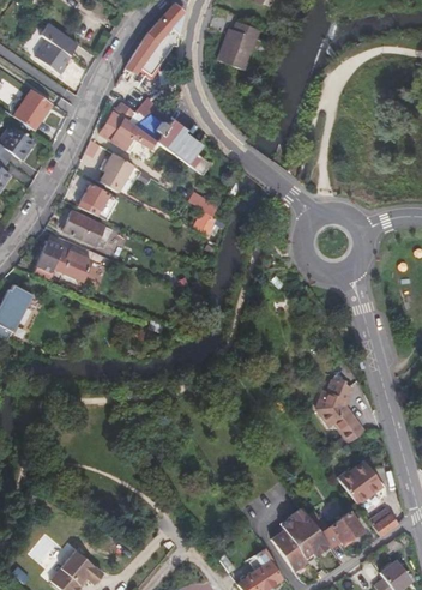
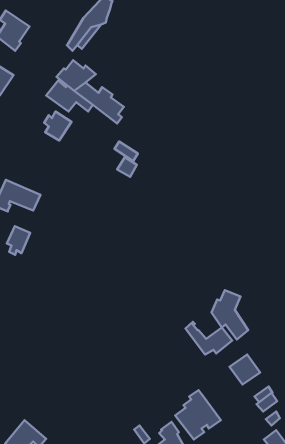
building: [216,22,258,71] -> none
building: [77,182,113,217] -> none
building: [61,210,101,242] -> none
building: none -> [7,226,30,255]
building: [300,507,360,549] -> [185,322,232,355]

